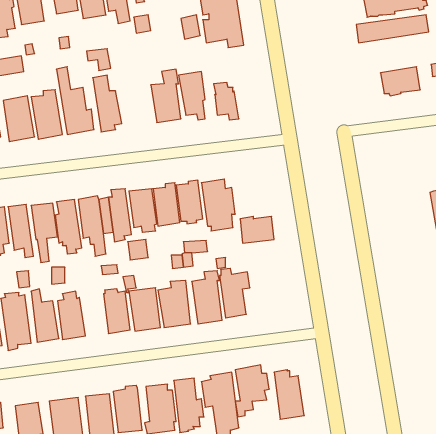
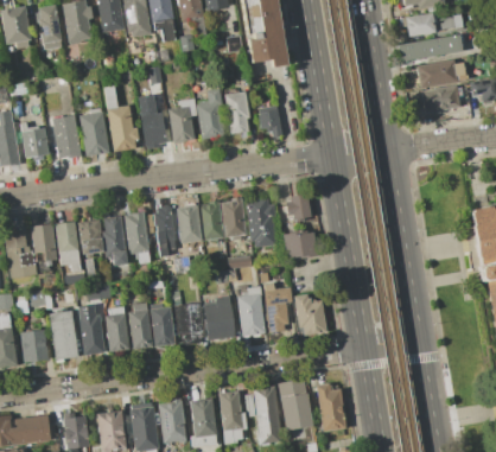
building: none -> [416,61,465,88]
building: none -> [168,98,197,144]
building: none -> [285,193,313,223]
building: none -> [294,294,328,333]
building: none -> [128,301,154,354]

